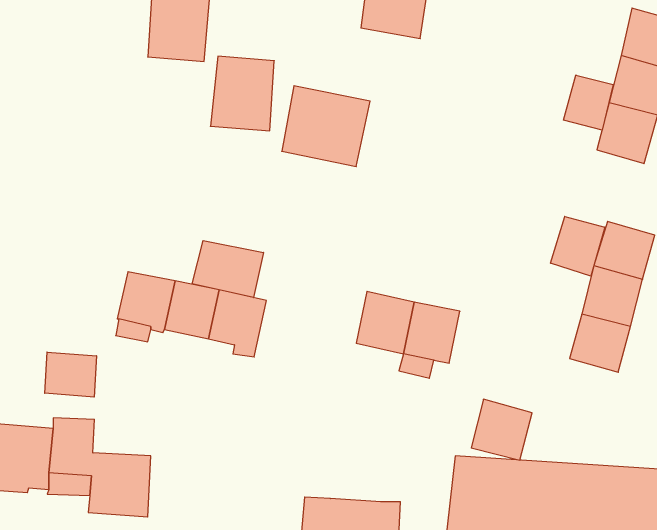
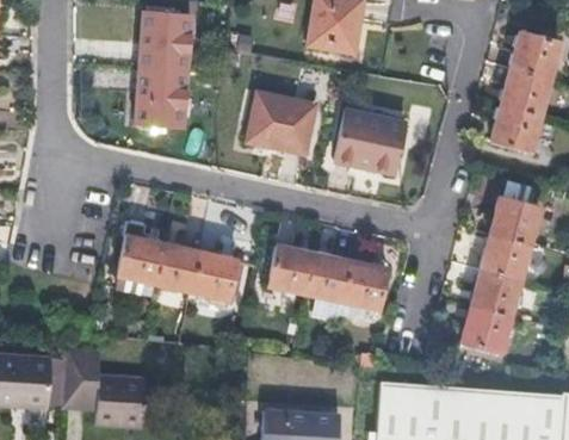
building: [210,56,274,131] -> [135,68,185,126]
building: [564,75,613,130] -> none
building: none -> [334,110,402,173]
building: [551,216,605,276] -> none
building: [192,241,263,298] -> none
building: none -> [267,244,313,292]
building: [45,352,96,397] -> none
building: [471,399,532,460] -> [462,304,509,352]

